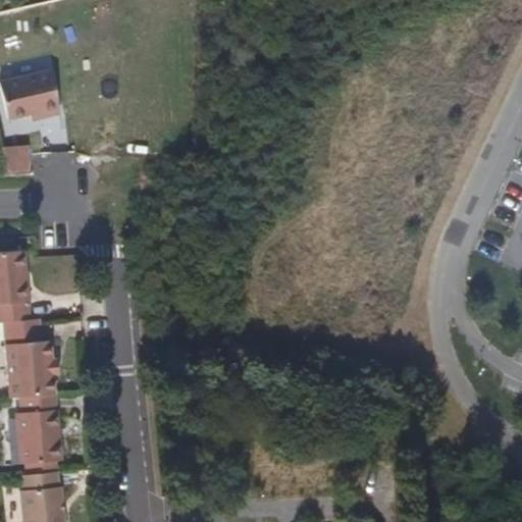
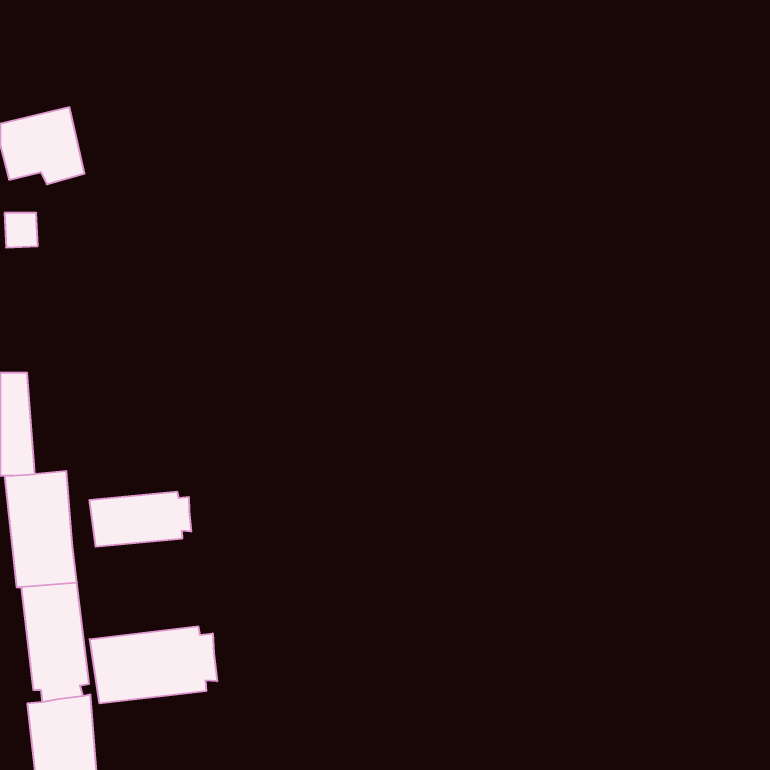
building: none -> [90,492,191,547]
building: none -> [90,626,217,703]

